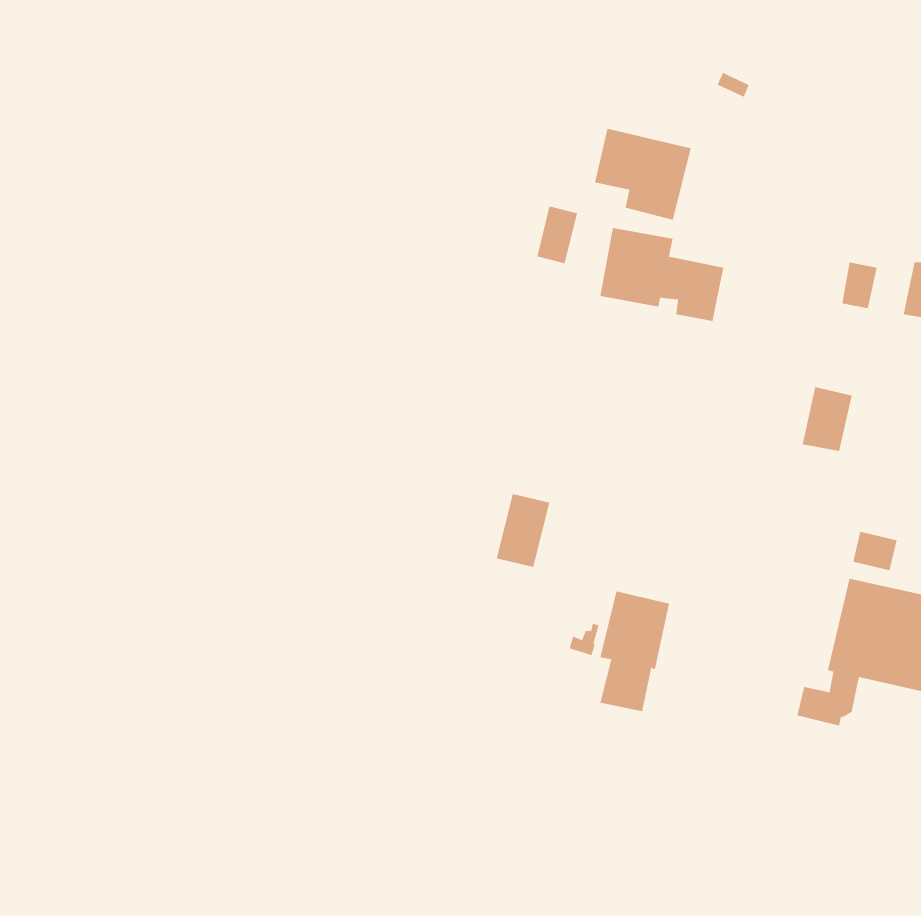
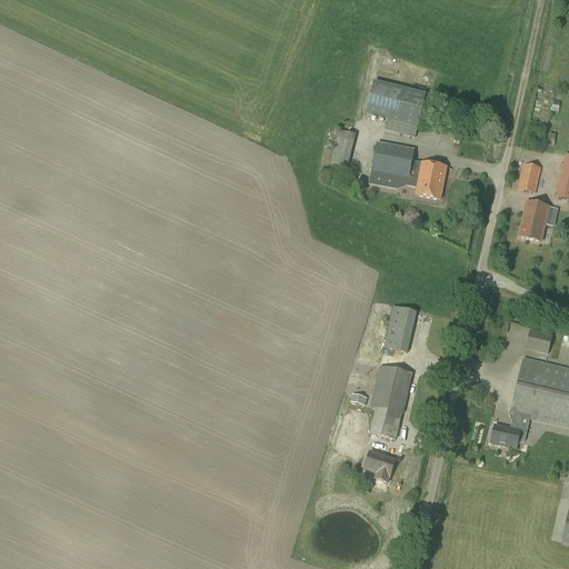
building: [802,387,853,452] -> [519,199,550,239]
building: [496,494,550,568] -> [385,305,418,350]
building: none -> [365,449,397,481]

